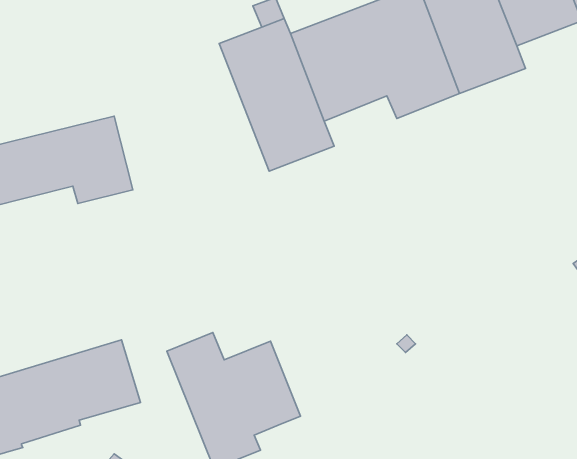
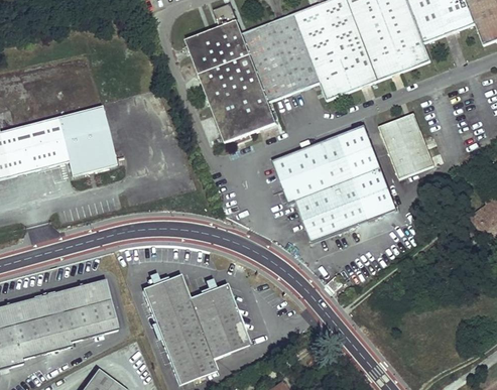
building: none -> [379,113,433,179]
building: none -> [272,125,396,241]

